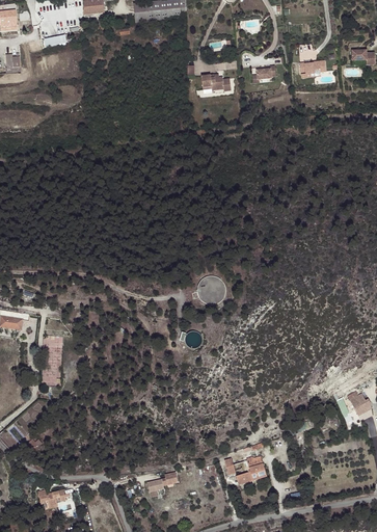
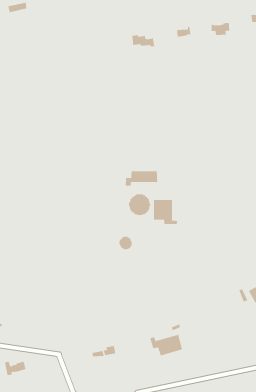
building: none -> [125,170,158,186]
building: none -> [154,199,177,225]

